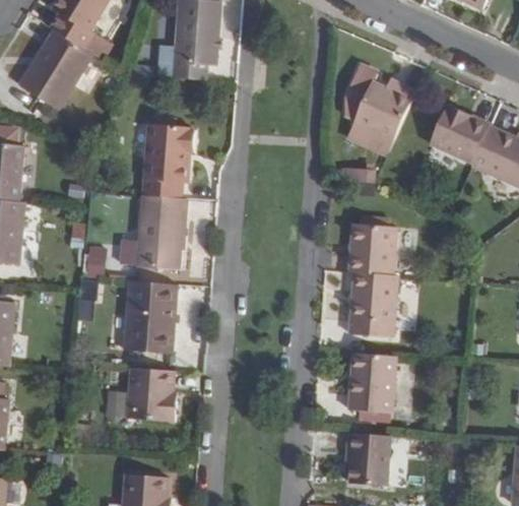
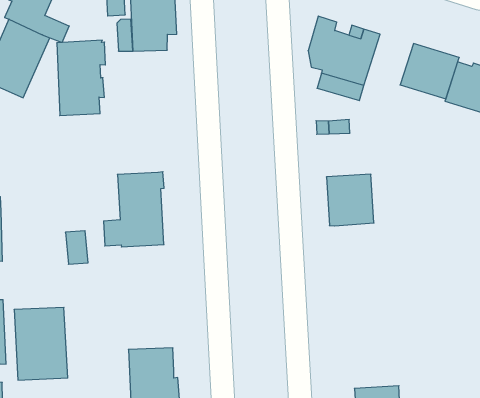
building: [142,124,195,198] -> [57,40,105,116]
building: [344,272,391,323] -> none
building: [123,280,177,354] -> [14,307,68,380]
building: [348,353,396,413] -> none

